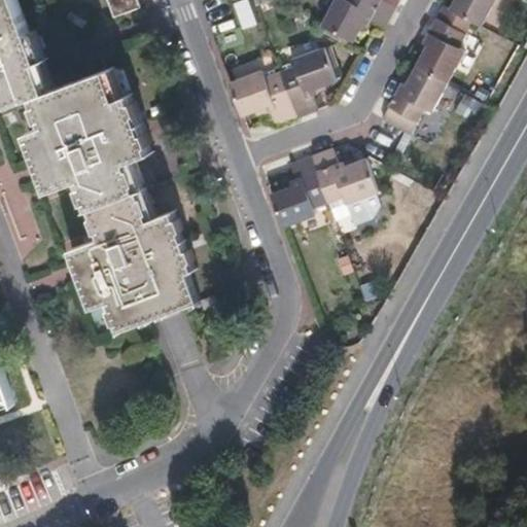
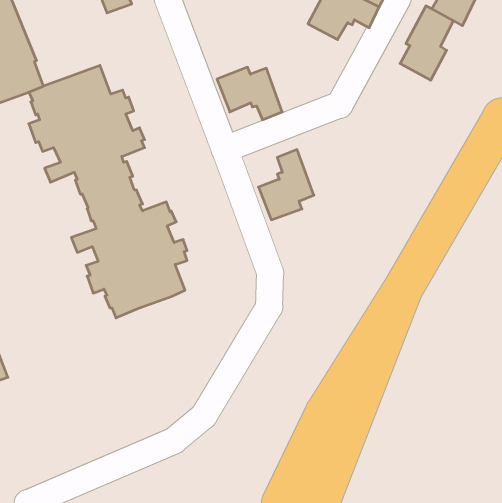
building: [277,46,332,116] -> none
building: [381,66,448,137] -> none
building: [309,147,374,215] -> none

